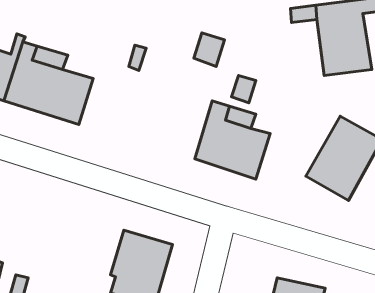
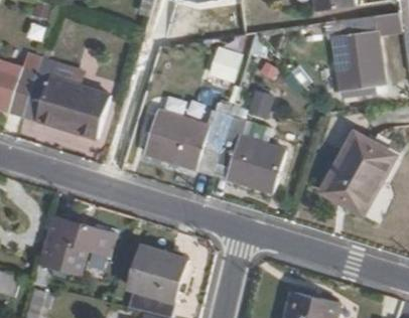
building: none -> [143,104,231,175]
building: none -> [31,215,113,285]

